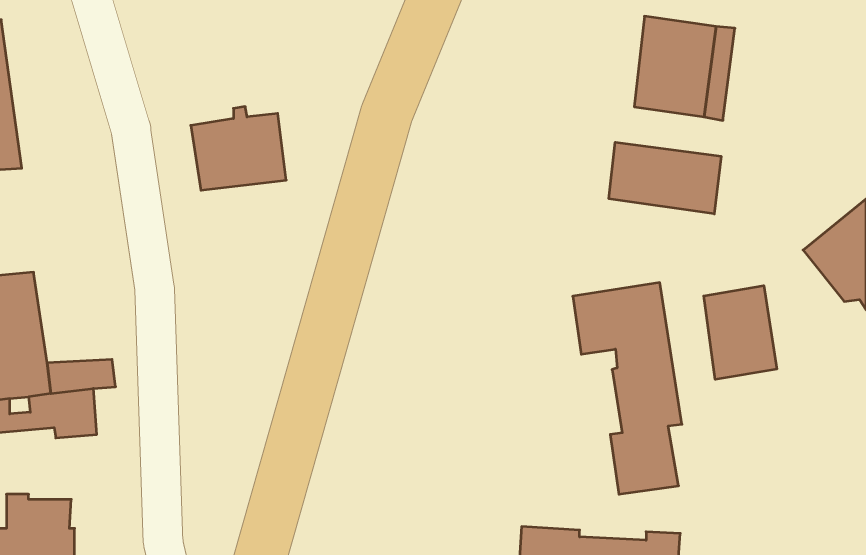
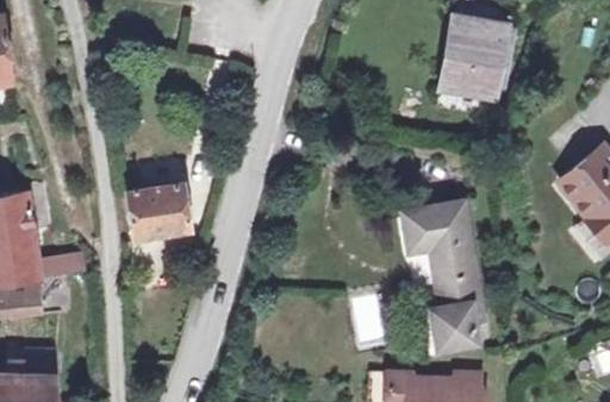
building: [191,107,286,190] -> [129,180,195,239]
building: [609,142,721,214] -> none
building: [704,286,777,379] -> none

